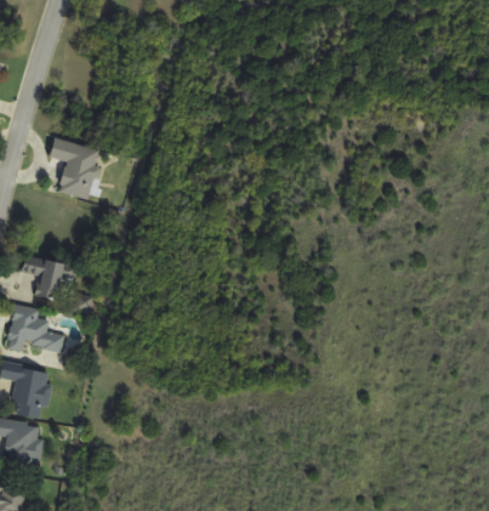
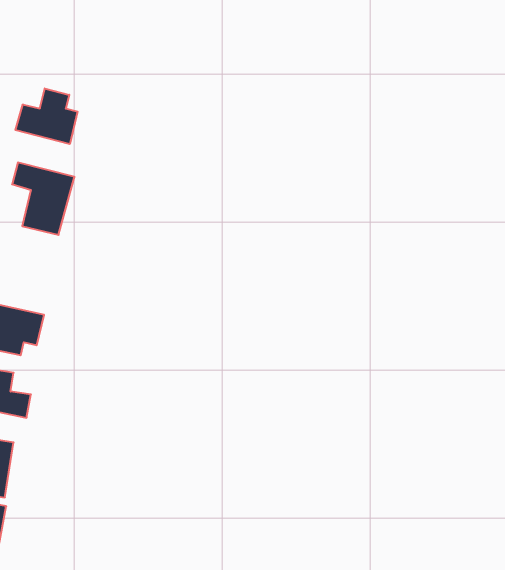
building: none -> [15,88,78,144]

